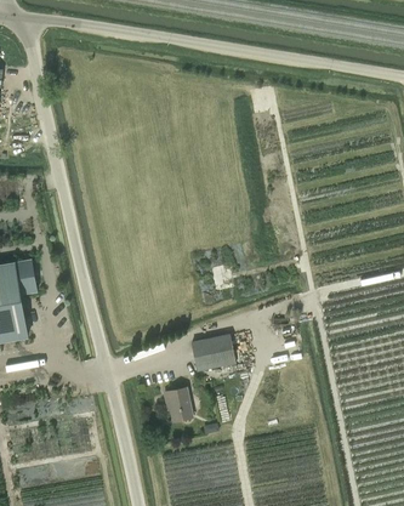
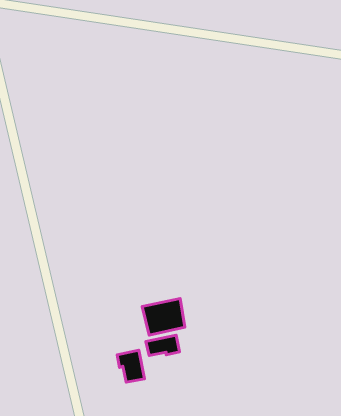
building: none -> [146,335,180,356]

